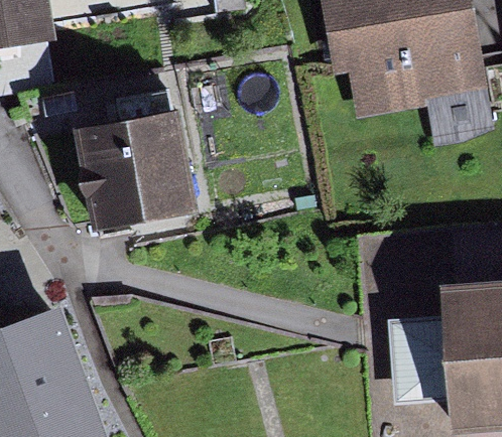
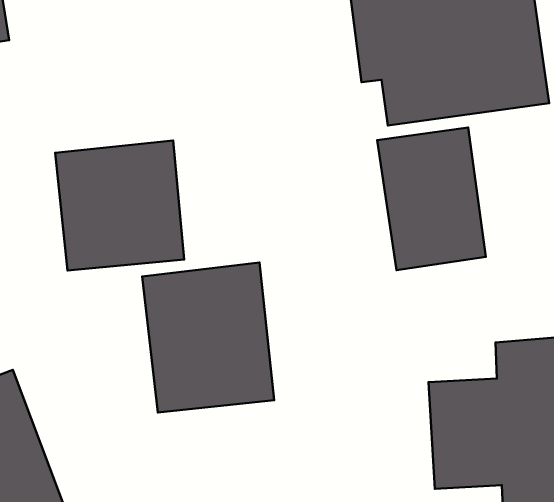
building: none -> [377,127,486,270]
building: none -> [142,262,274,412]

